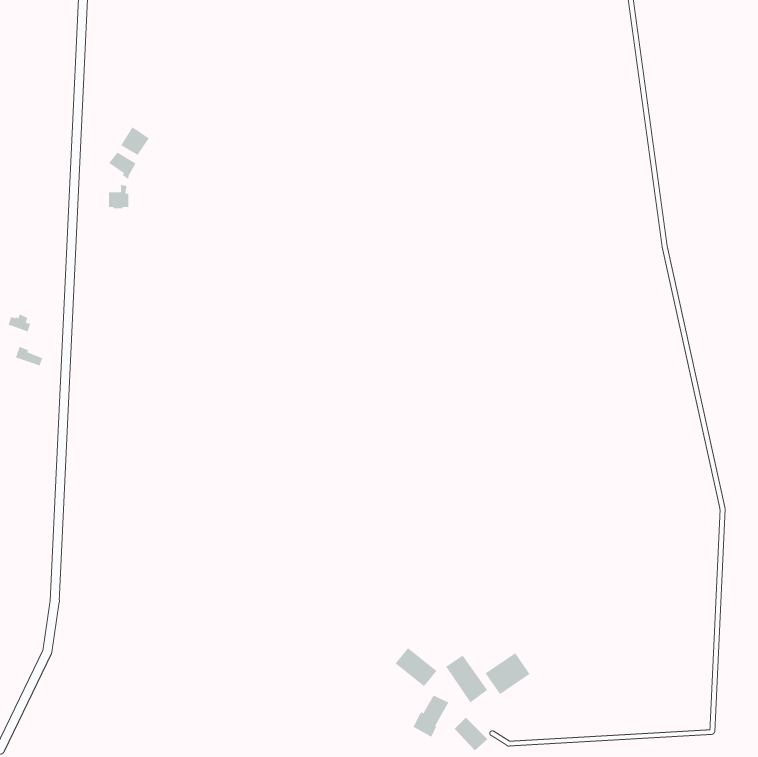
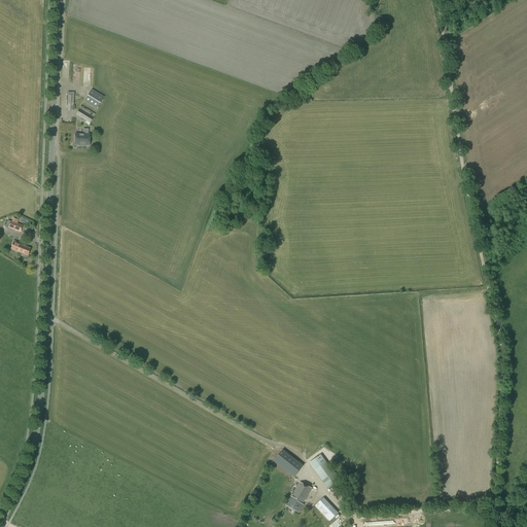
building: [485,652,531,695] -> none

